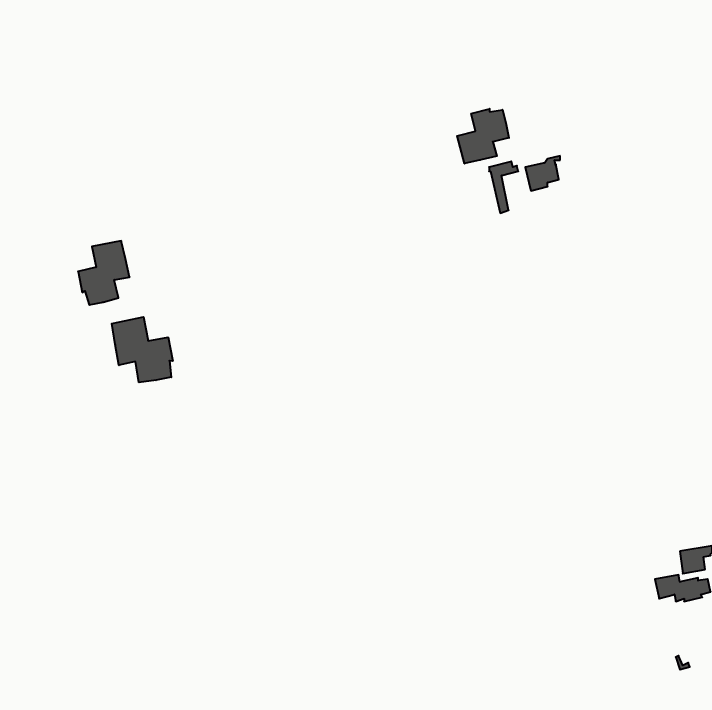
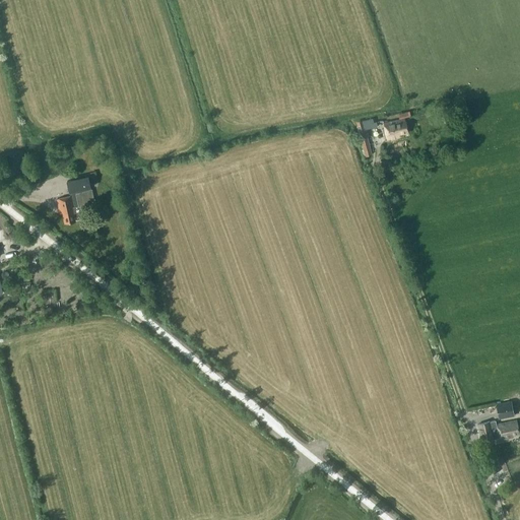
building: [457,109,509,164] -> none
building: [112,317,173,382] -> none

